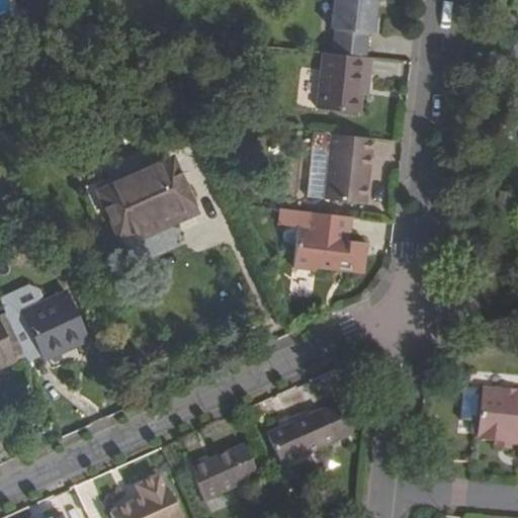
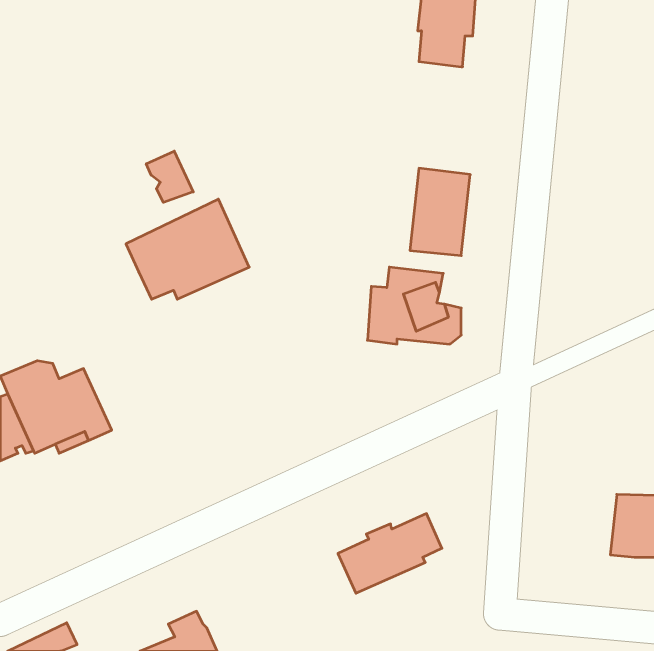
building: [318,49,369,108] -> none
building: none -> [146,151,193,202]
building: [186,447,258,503] -> none

